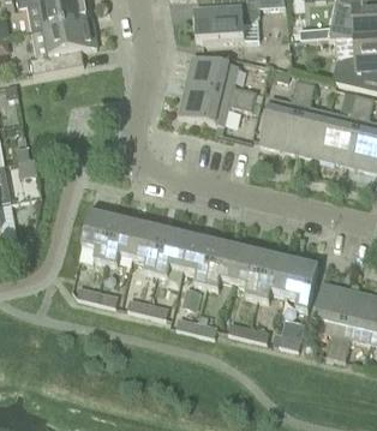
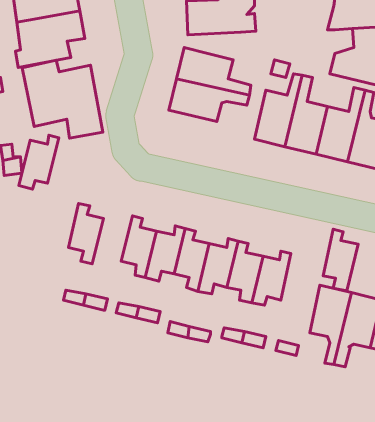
building: none -> [22,60,103,138]
building: [104,212,143,264] -> [19,135,59,189]
building: [285,251,318,310] -> [323,229,358,291]

